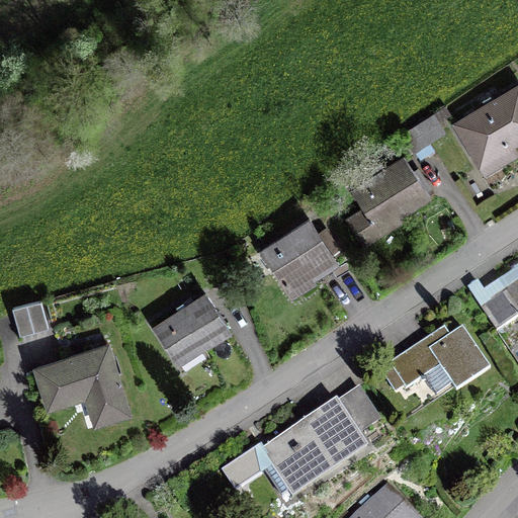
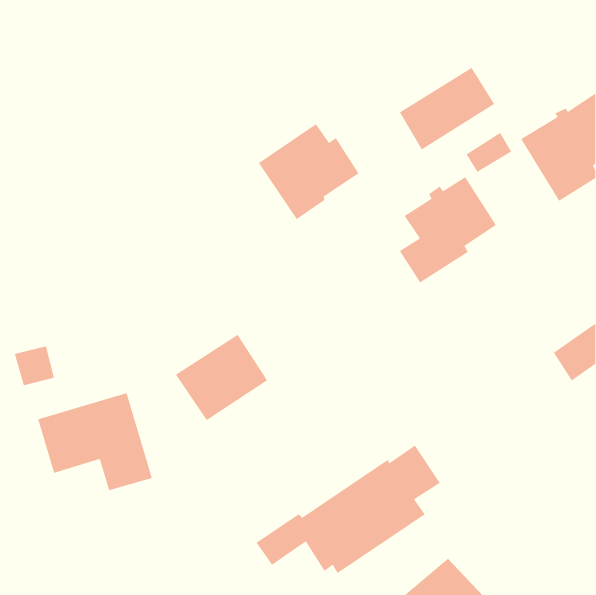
building: none -> [399,67,495,150]
building: [259,214,347,298] -> [258,123,359,220]
building: [379,327,491,396] -> none

